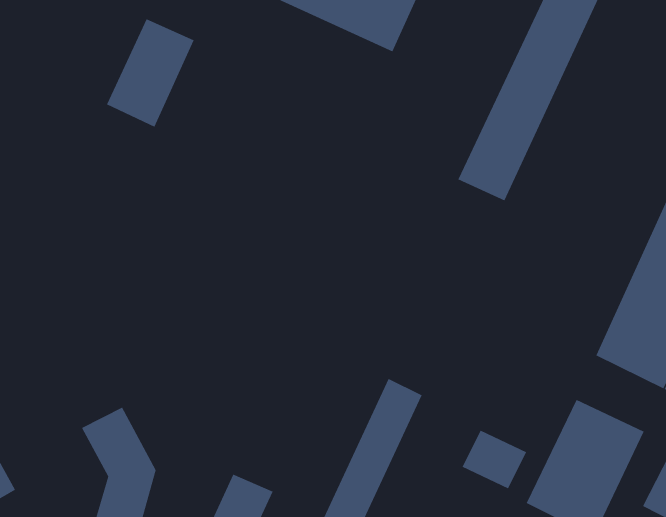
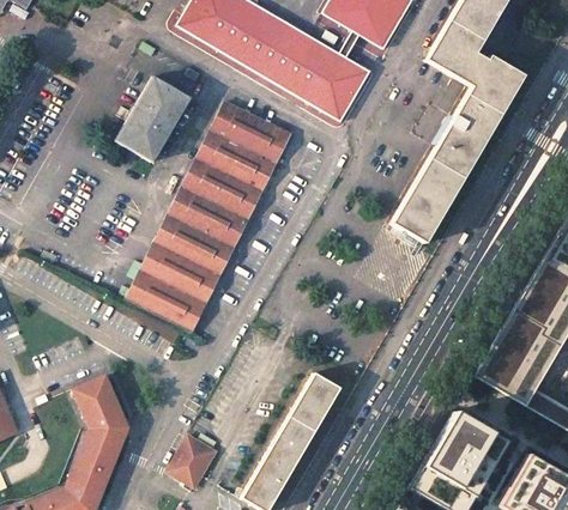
building: none -> [128,102,292,332]
building: [462,430,527,489] -> none

